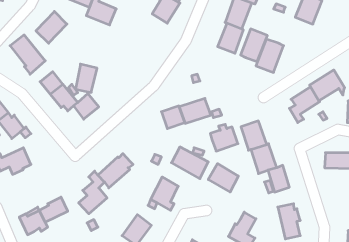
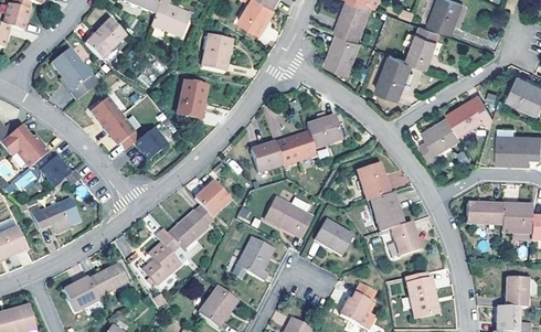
building: none -> [202,33,231,72]
building: [241,29,267,62] -> [405,25,441,68]
building: [75,64,97,92] -> [178,81,206,118]
building: [210,124,238,151] -> [306,113,342,148]
building: none -> [193,181,230,216]

